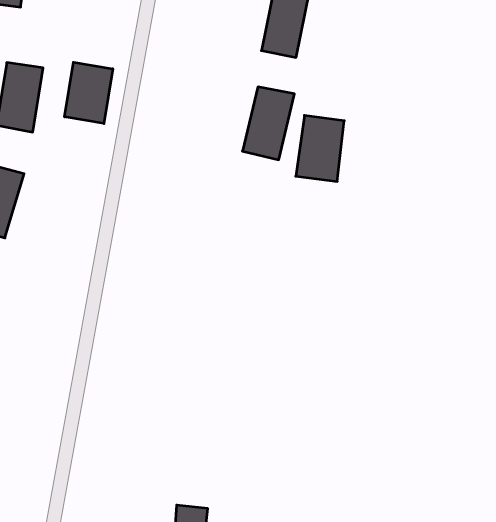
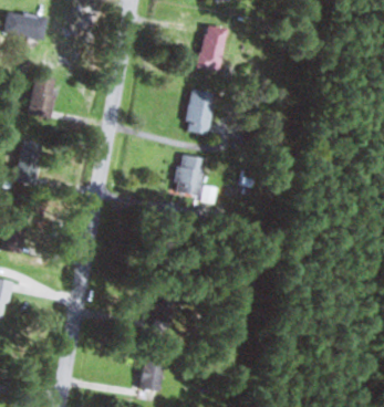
building: [65,62,113,124] -> none
building: [296,115,344,181] -> [174,155,205,197]

